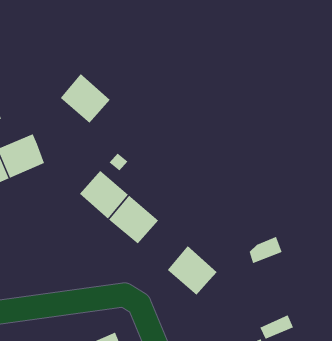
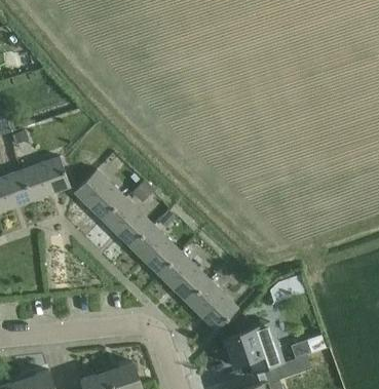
building: [60,73,111,124] -> [73,168,124,220]
building: none -> [158,251,209,302]
building: none -> [223,327,282,368]

